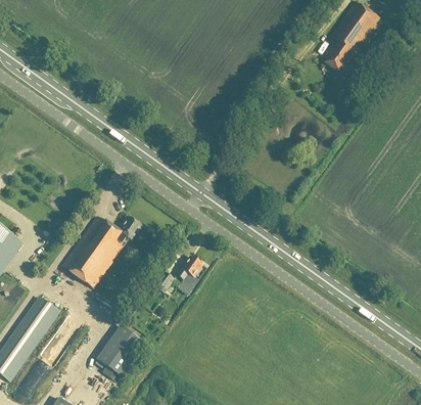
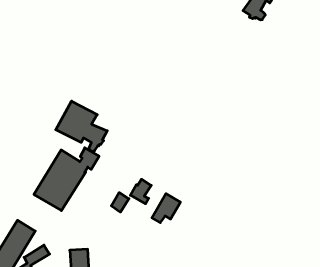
building: none -> [56,101,107,152]
building: none -> [152,194,180,223]

